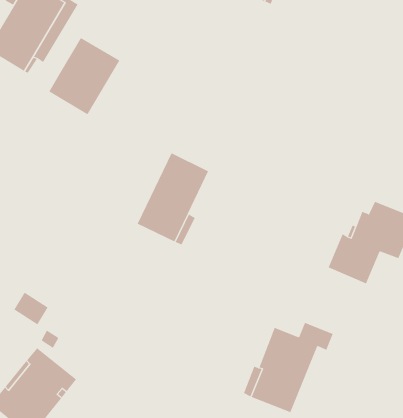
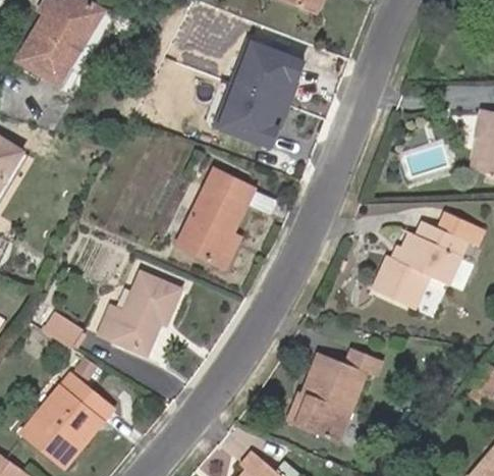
building: none -> [228,47,318,156]
building: [48,37,120,115] -> none
building: none -> [97,270,178,351]

